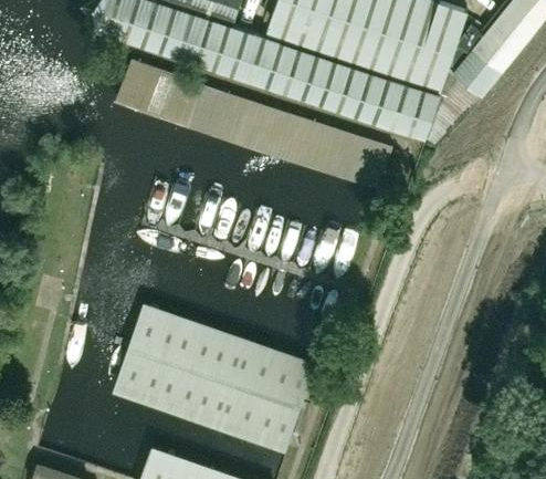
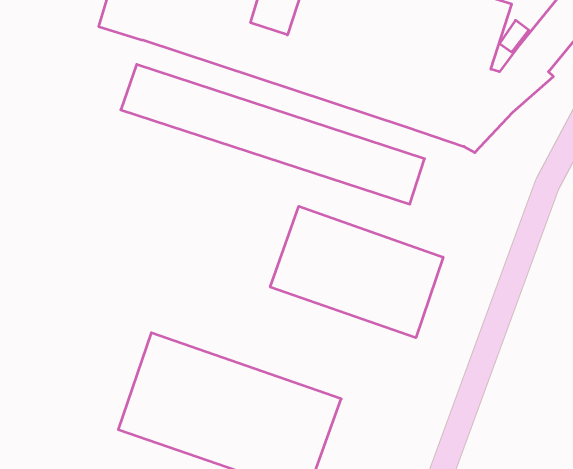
building: none -> [270,206,443,338]

